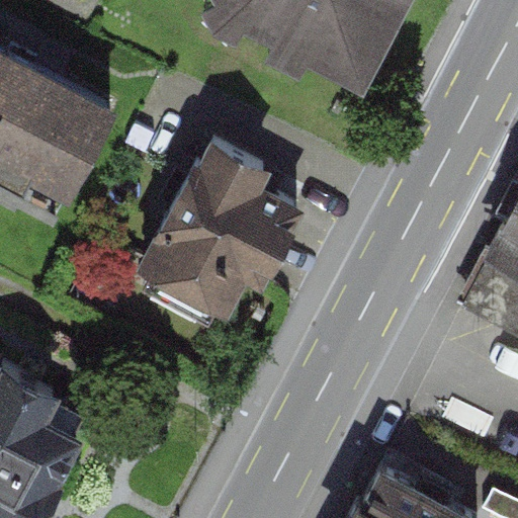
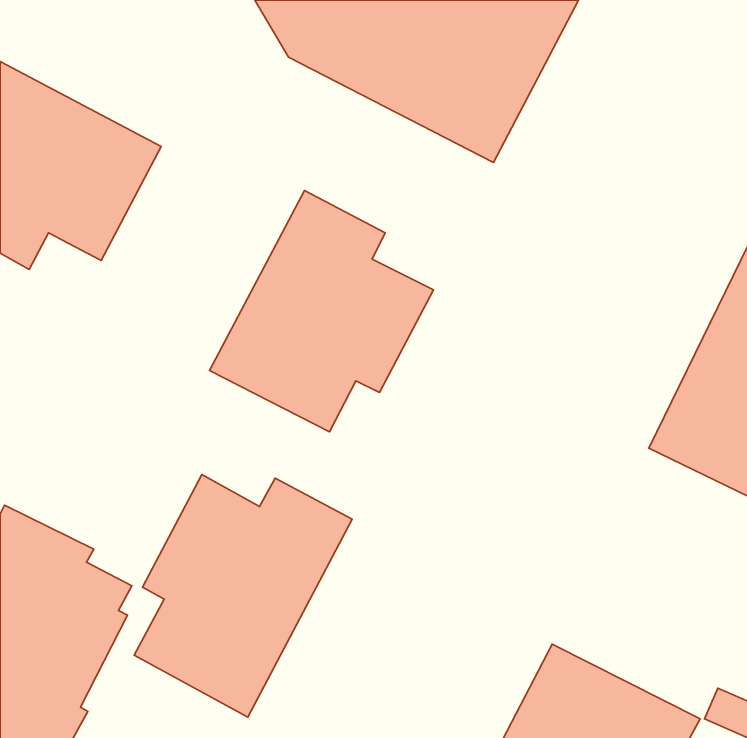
building: none -> [134,474,352,717]

